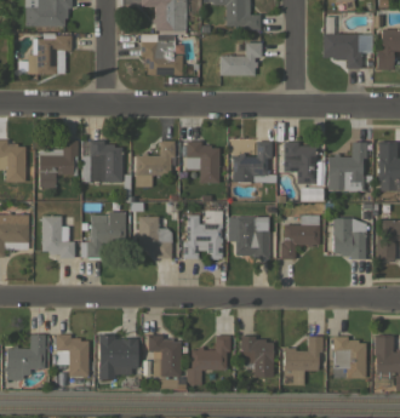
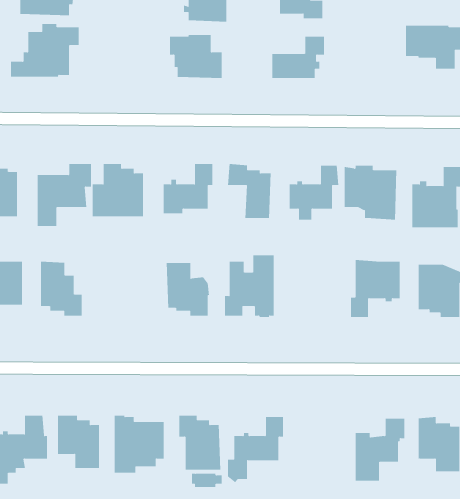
building: [82,212,127,258] -> none
building: [236,217,269,259] -> none
building: [241,336,274,377] -> none

